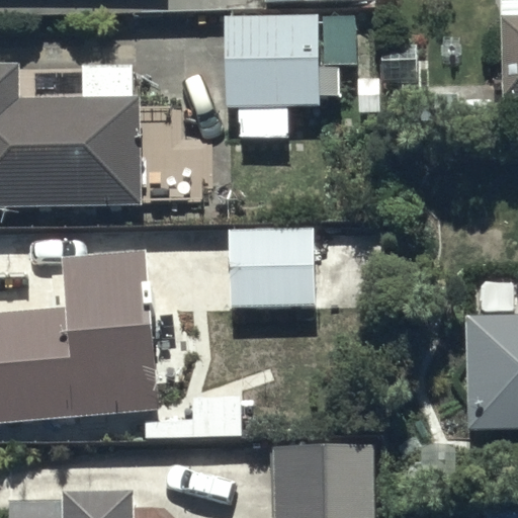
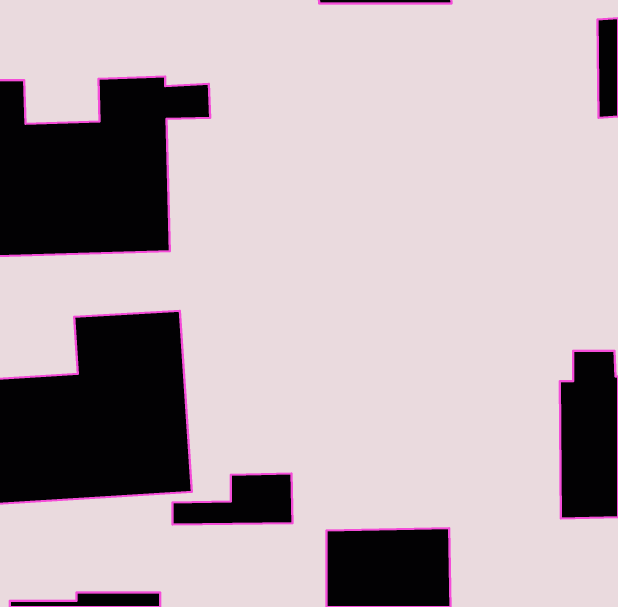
building: [223,13,380,136] -> none
building: [229,224,317,307] -> none

